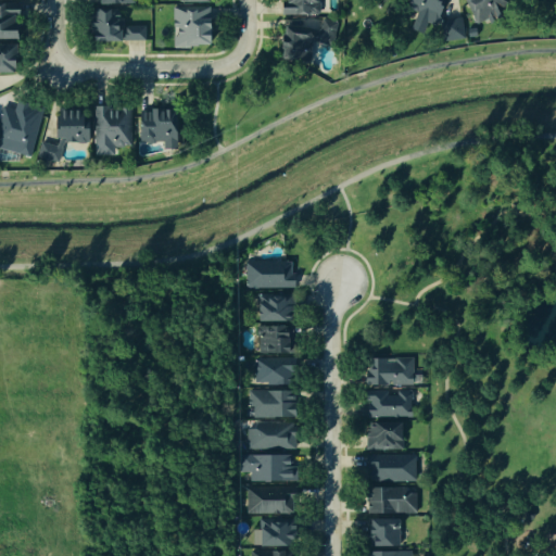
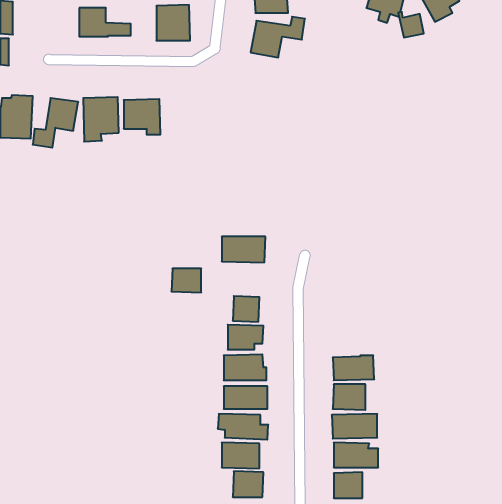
building: [257,294,290,320] -> [171,269,201,292]
building: [367,356,415,384] -> none

